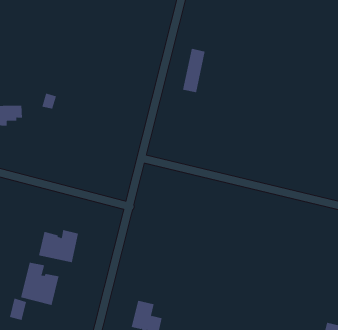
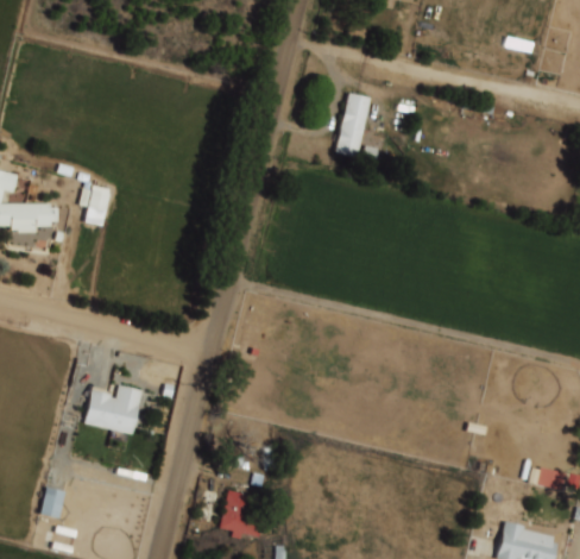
building: [182,48,206,93] -> [336,94,371,159]
building: [21,262,59,306] -> none

